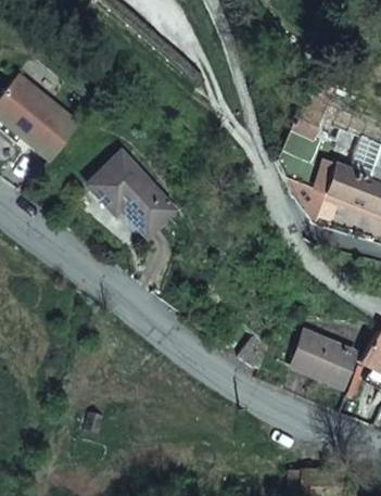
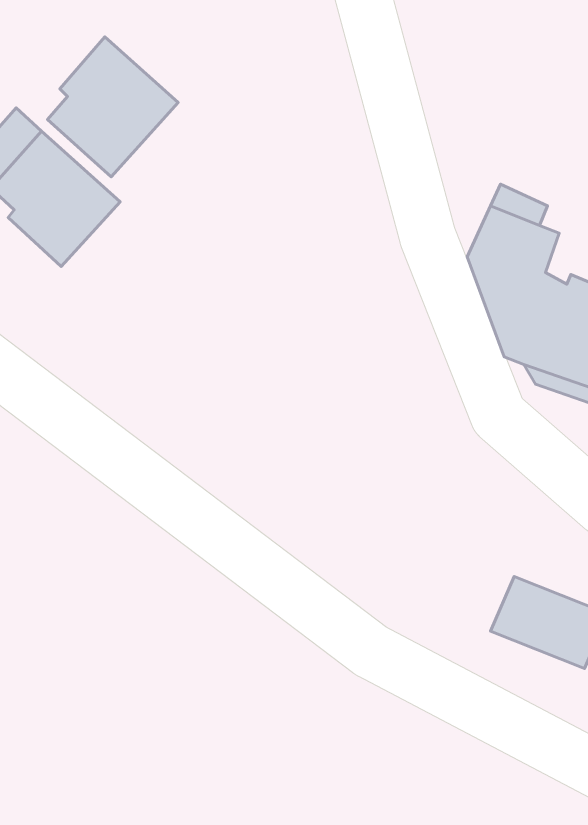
building: none -> [47,37,178,177]
building: [89,152,173,231] -> none

